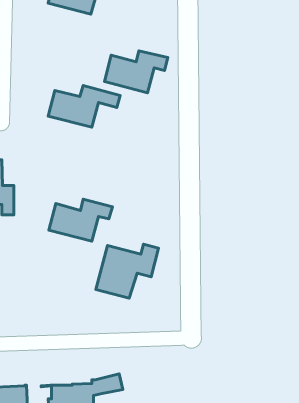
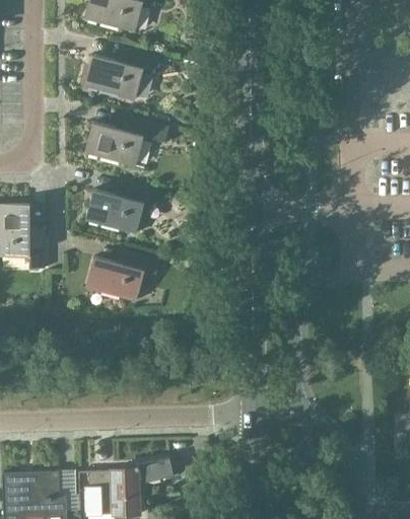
building: [104,51,168,93] -> [85,49,160,98]
building: none -> [86,182,160,233]
building: [96,244,158,298] -> none

